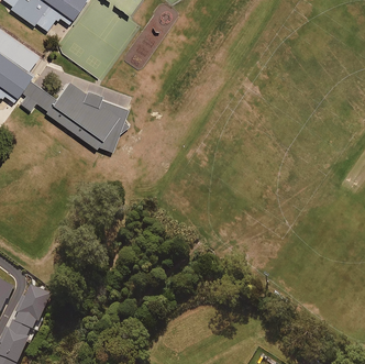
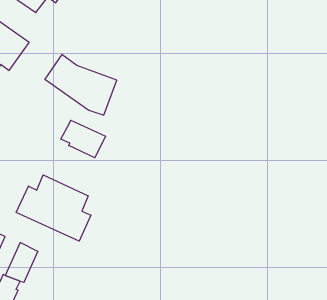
building: none -> [61,120,106,158]
building: none -> [16,175,91,241]

